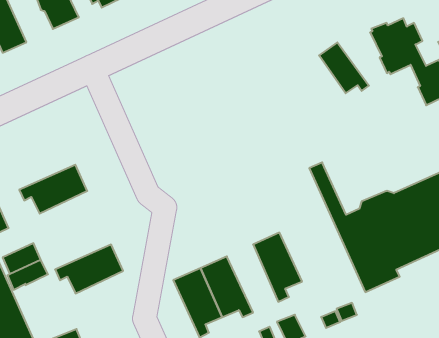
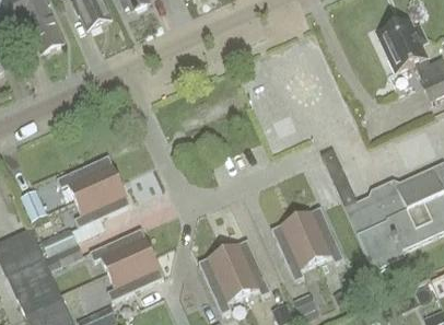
building: [319,42,369,93] -> none
building: none -> [73,178,129,227]
building: none -> [294,206,342,262]
building: none -> [106,252,162,300]

